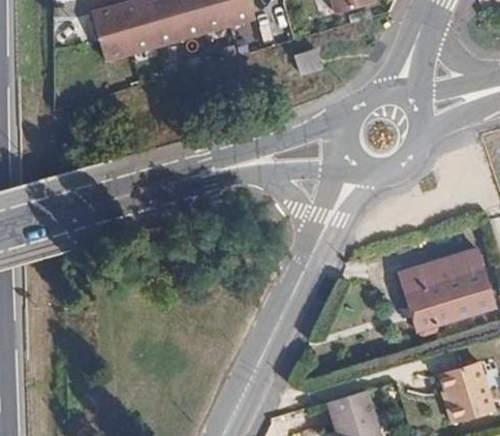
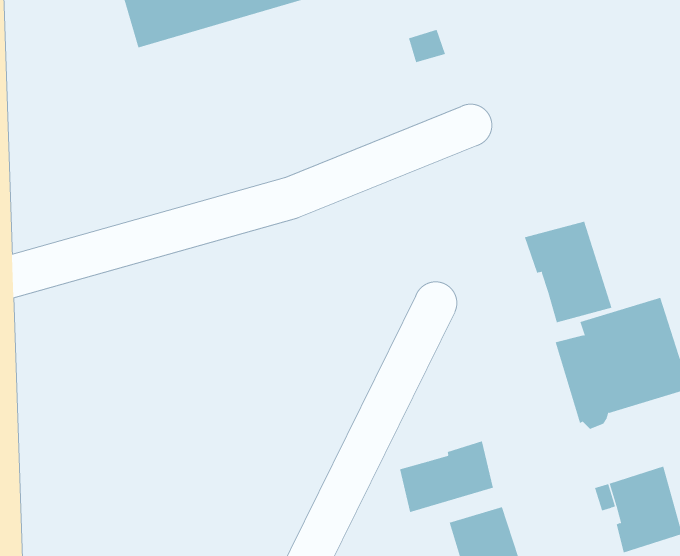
building: none -> [524,221,612,323]
building: none -> [399,441,493,513]

